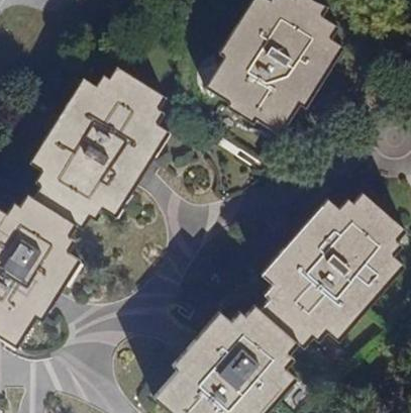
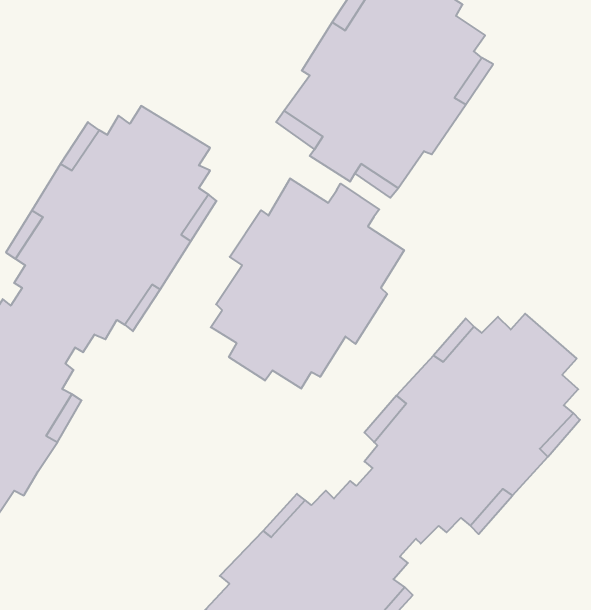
building: none -> [211,178,404,389]

